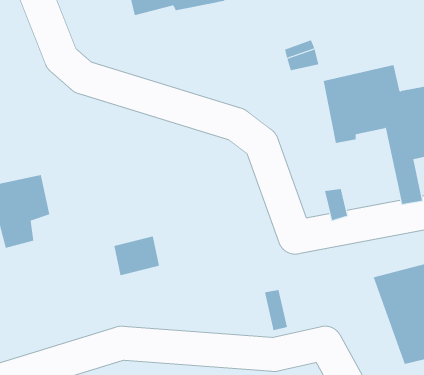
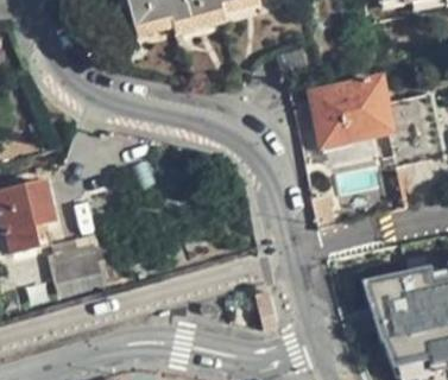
building: [113,236,160,276] -> [56,245,100,283]

